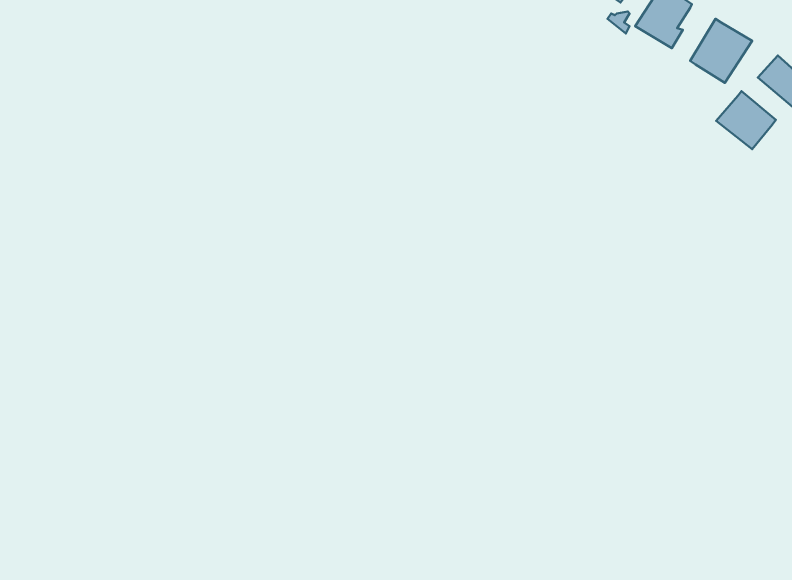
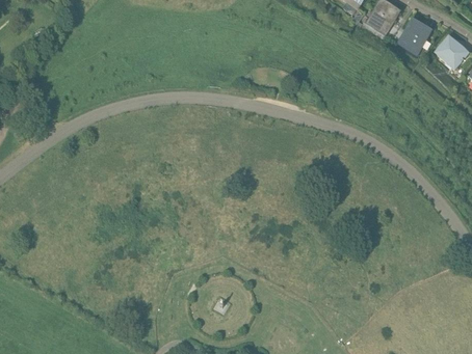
building: [716,91,776,149] -> none

